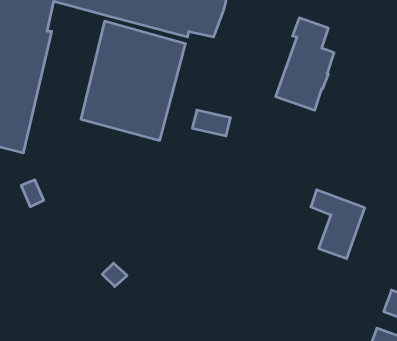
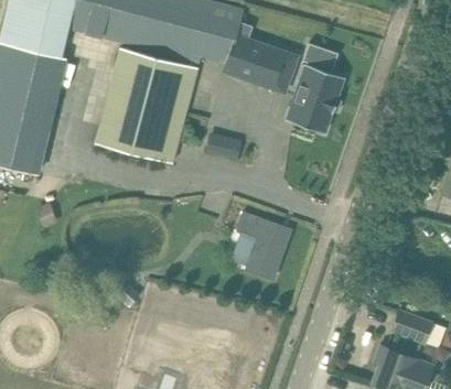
building: none -> [222,36,296,93]
building: [311,190,365,259] -> [237,213,290,280]

